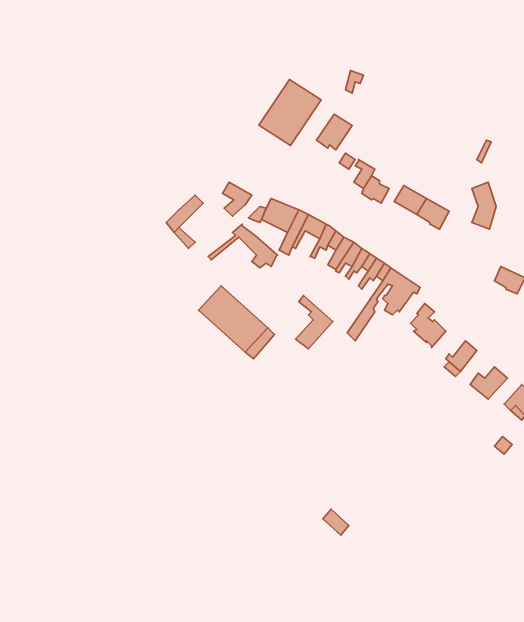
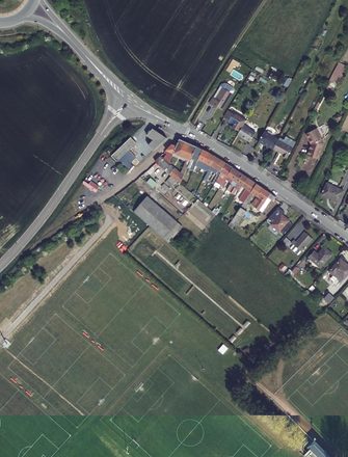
building: [259,79,321,146] -> none

